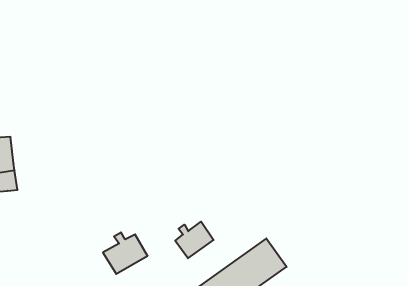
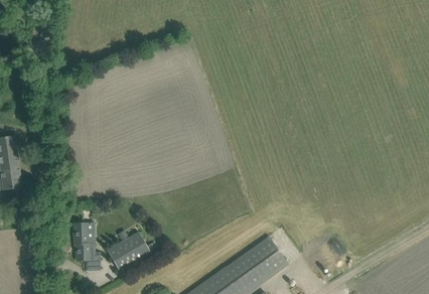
building: [175,222,214,258] -> none
building: none -> [74,224,100,271]

